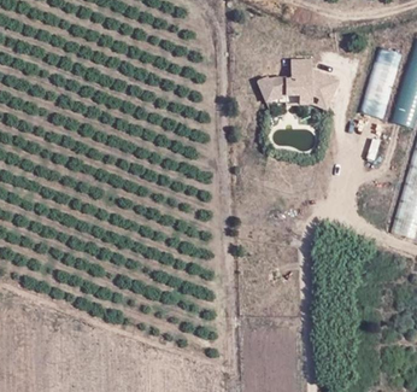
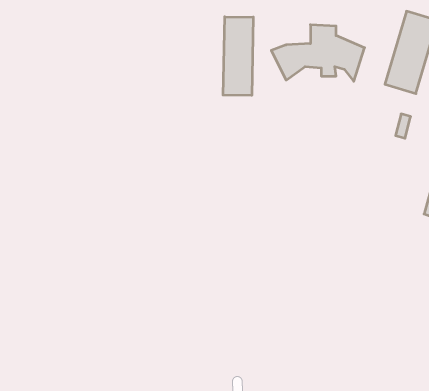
building: none -> [223,17,253,95]

